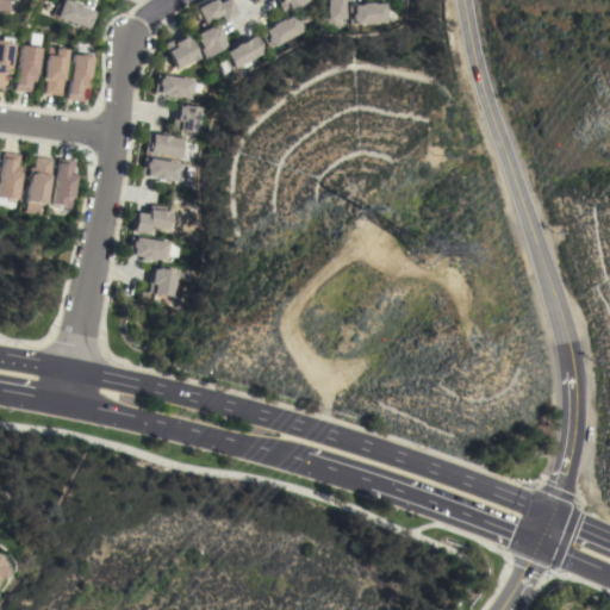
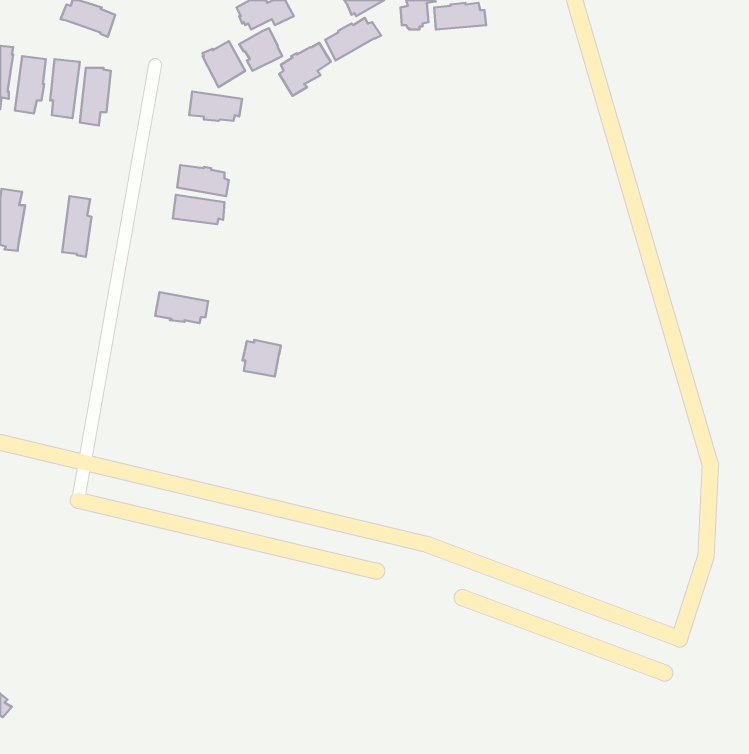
building: [175,104,208,133] -> none
building: [27,157,55,214] -> none
building: [136,208,176,234] -> none
building: [150,267,181,297] -> [242,340,281,377]

